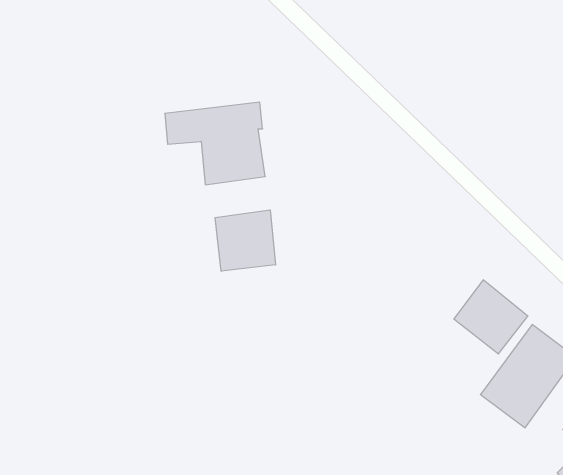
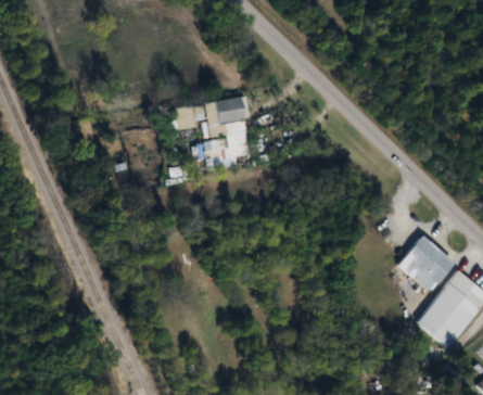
building: [215,210,276,271] -> none

